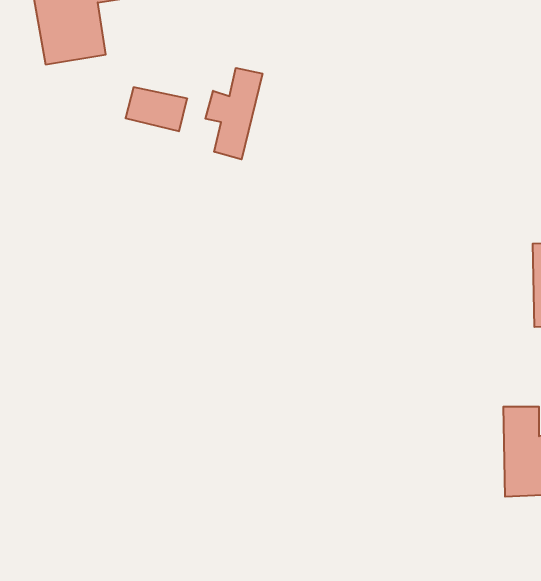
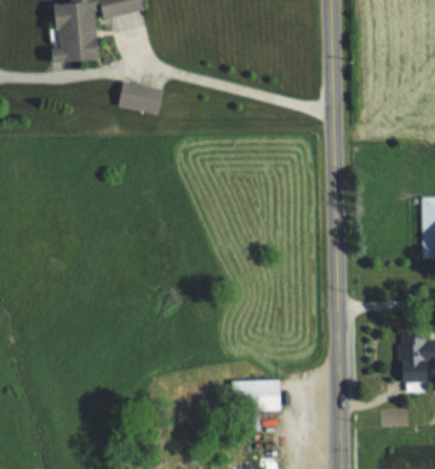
building: [205,68,262,159] -> none
building: none -> [233,379,282,411]

